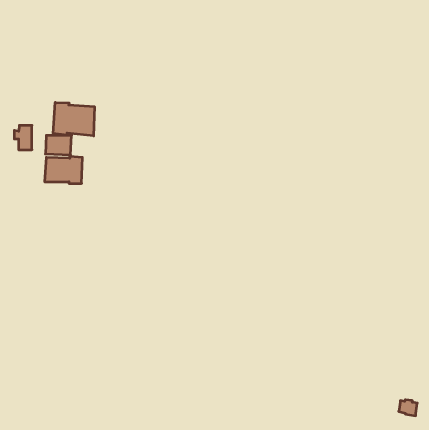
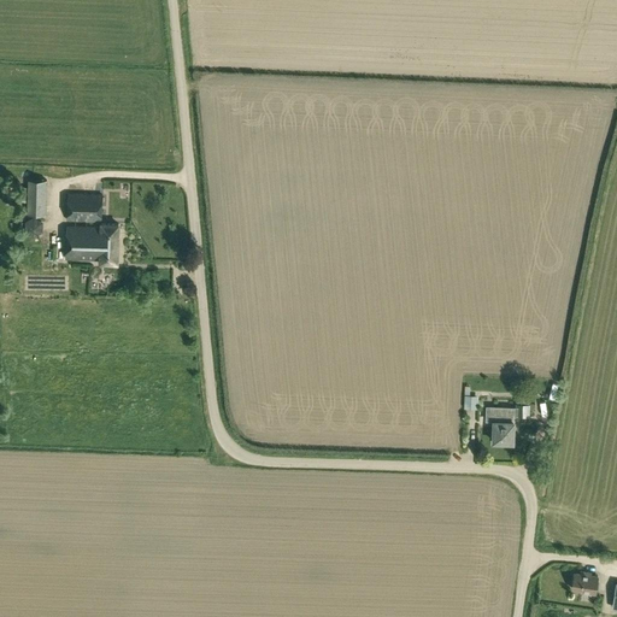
building: [53,102,94,136] -> none
building: none -> [484,405,529,446]

